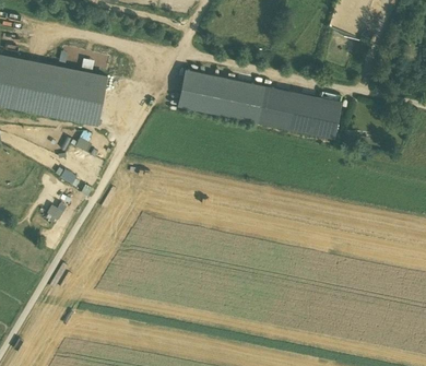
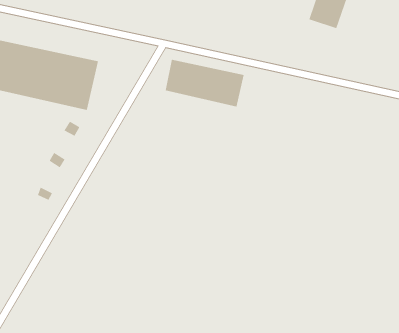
building: [256,87,341,138] -> none

